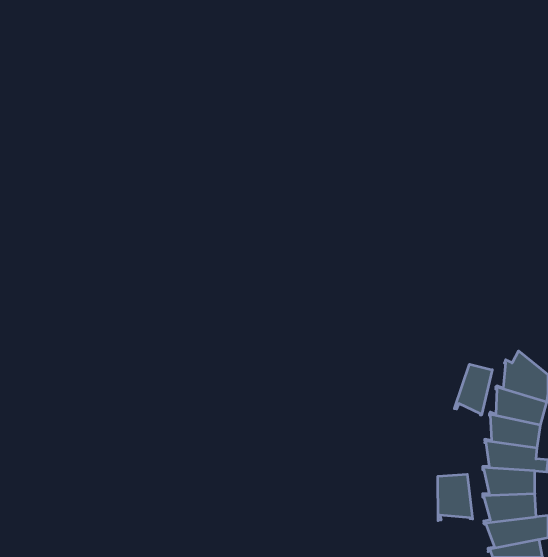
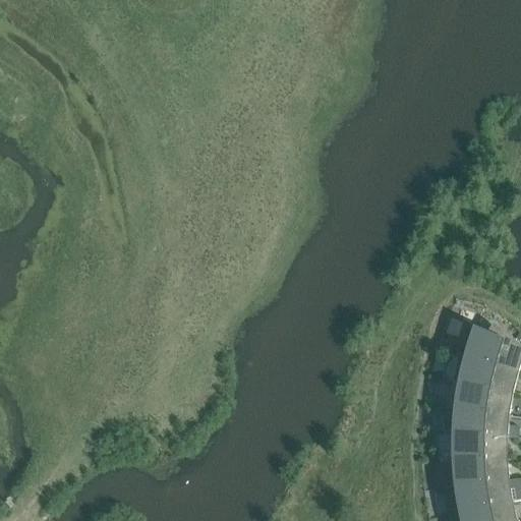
building: [454,364,492,415] -> none
building: [438,474,473,521] -> none

